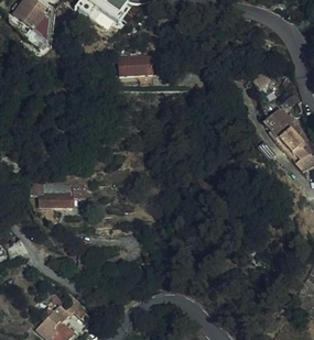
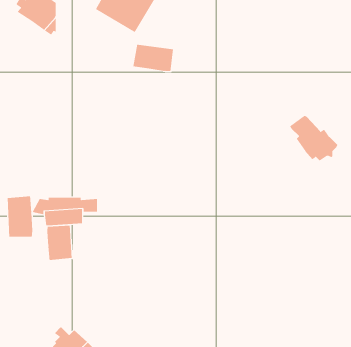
building: none -> [7,195,33,238]
building: none -> [47,225,72,261]

